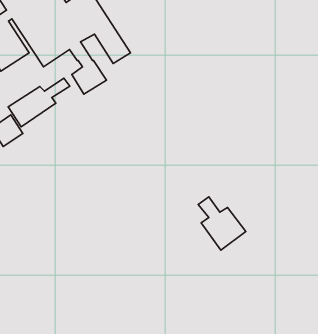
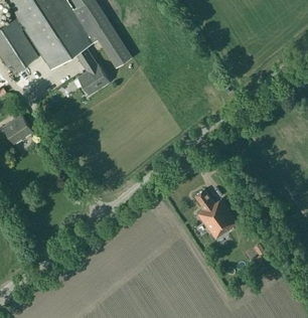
building: [8,78,70,127] -> none

